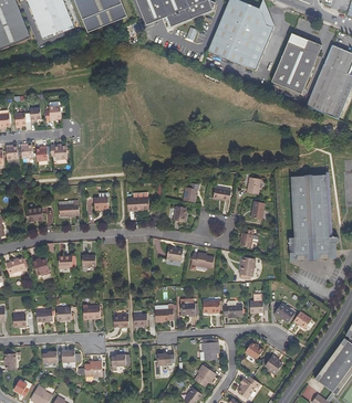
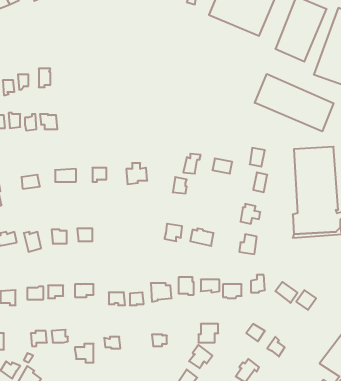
building: none -> [255,74,333,131]

